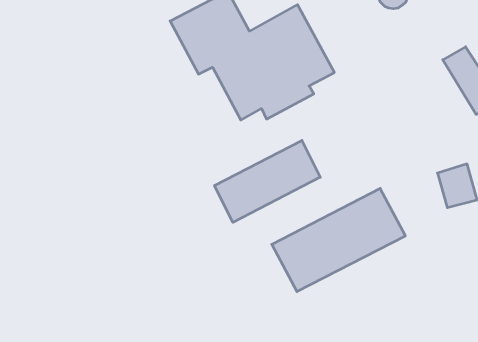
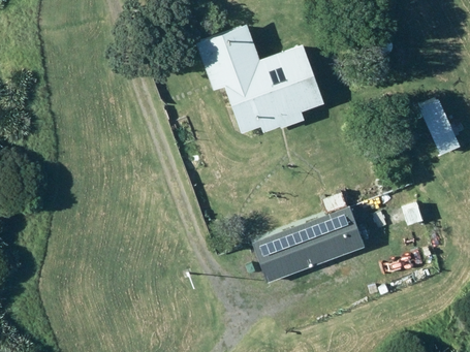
building: [215,140,320,222] -> none

